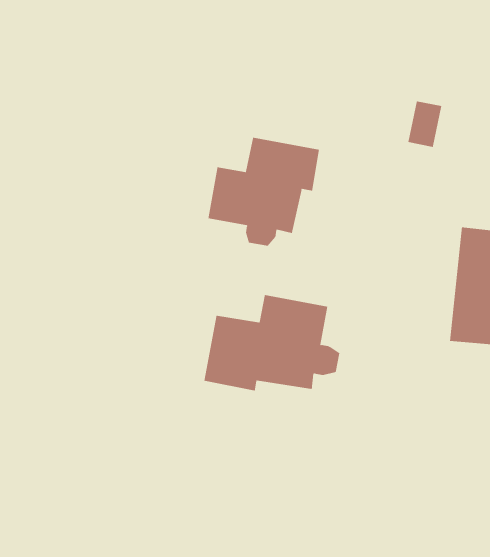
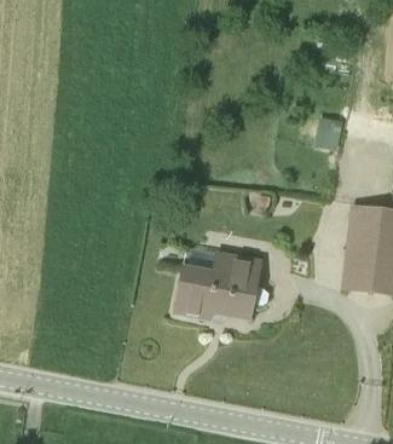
building: [208,137,320,247] -> none

